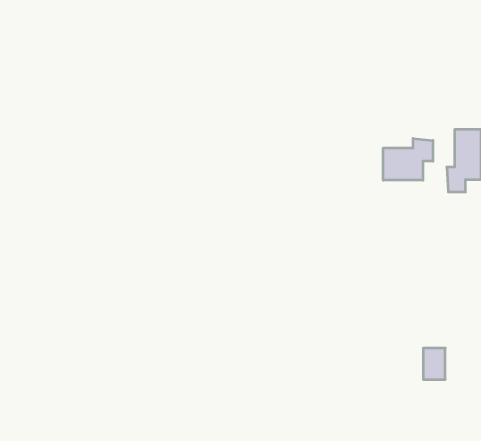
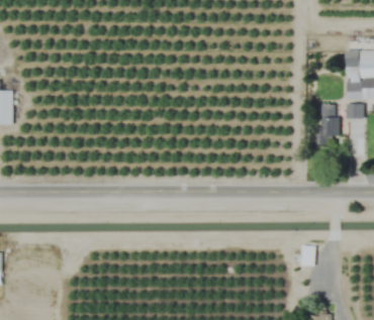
building: [383,138,433,180] -> none

